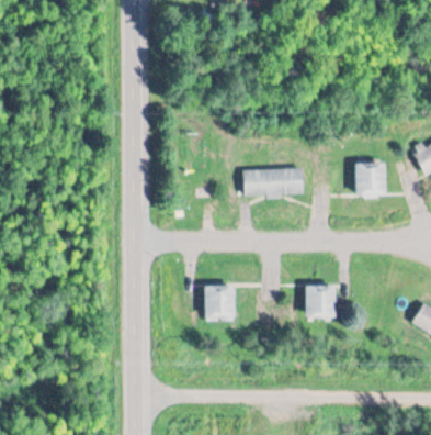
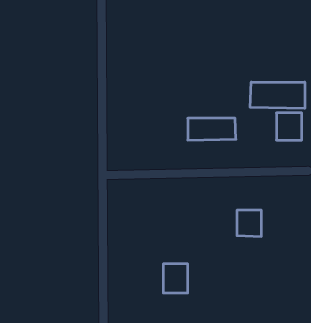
building: none -> [250,82,305,108]
building: [204,283,235,320] -> [163,264,188,293]

